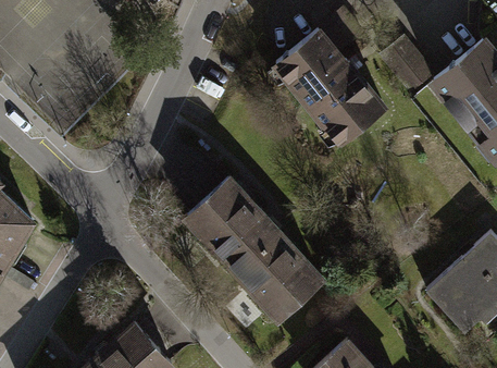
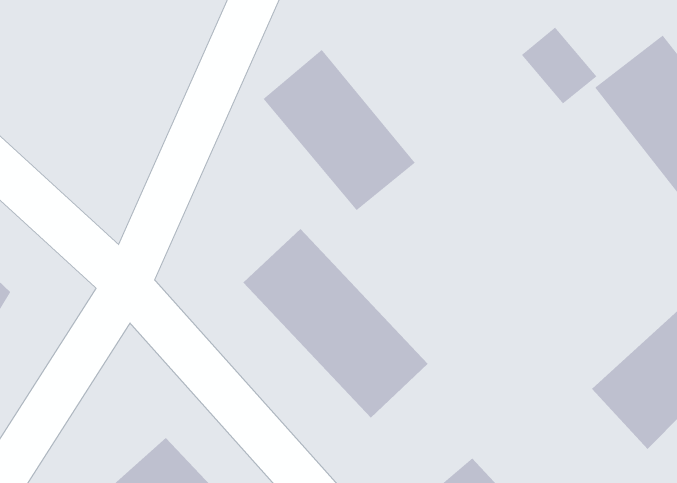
building: [276,29,383,143] -> [263,49,416,211]

